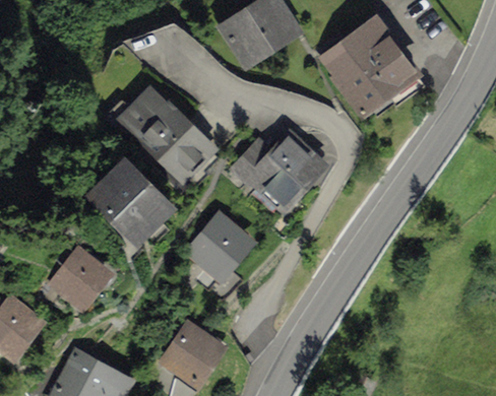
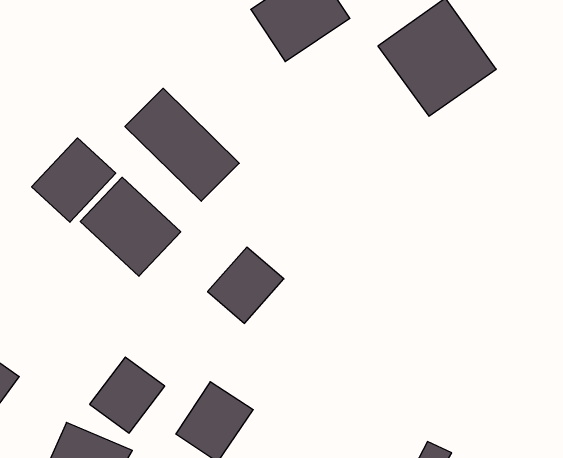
building: none -> [32,138,116,222]
building: [234,135,321,205] -> none
building: [47,247,107,308] -> [90,357,165,433]

